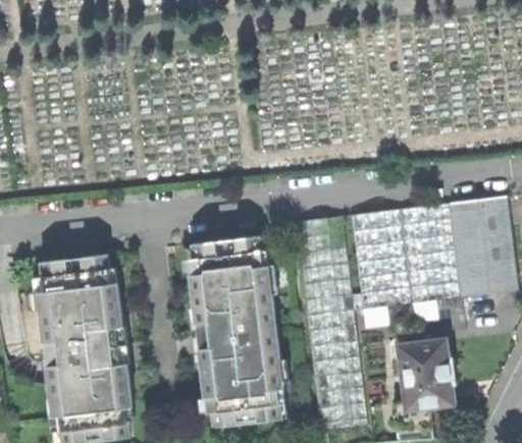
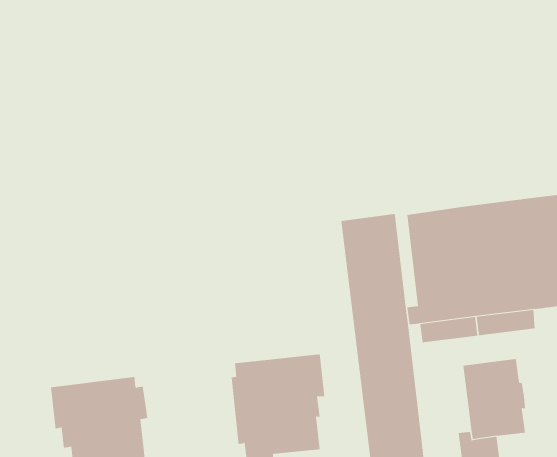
building: [191,237,277,342] -> none
building: [40,256,122,363] -> none

